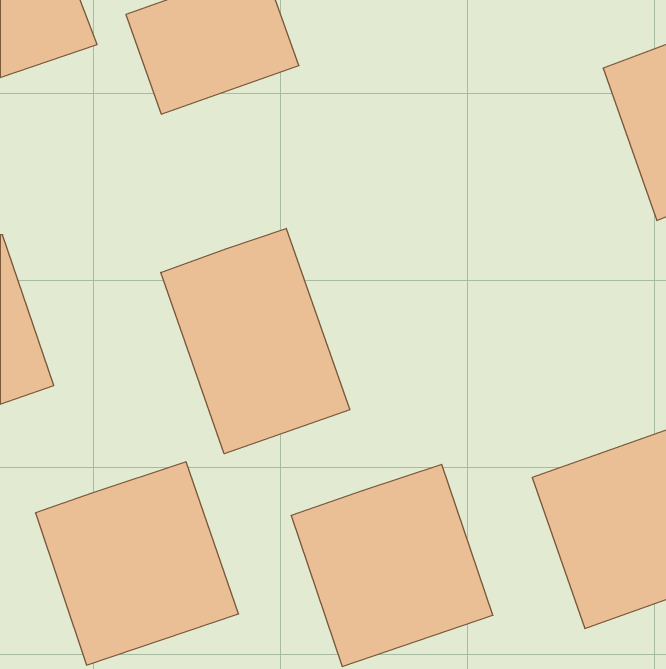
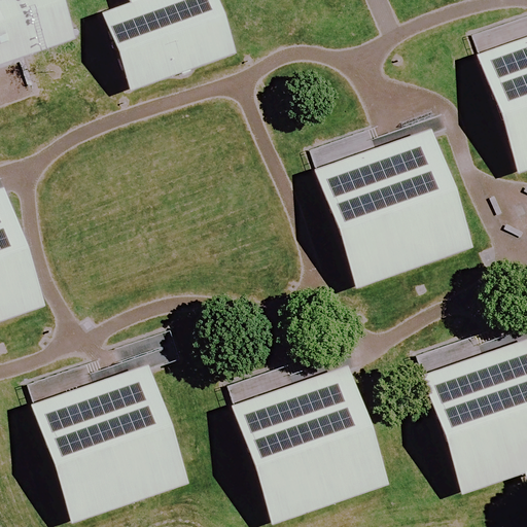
building: none -> [316,127,476,288]
building: [161,228,350,454] -> none

